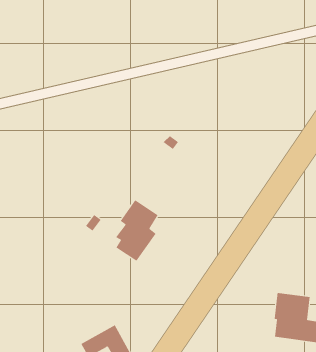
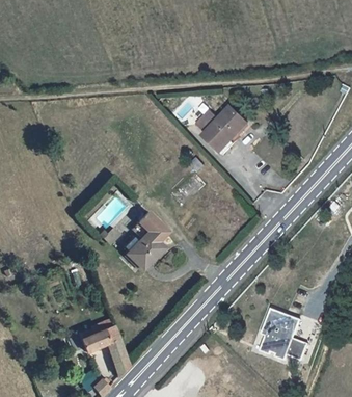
building: none -> [197,109,245,157]

